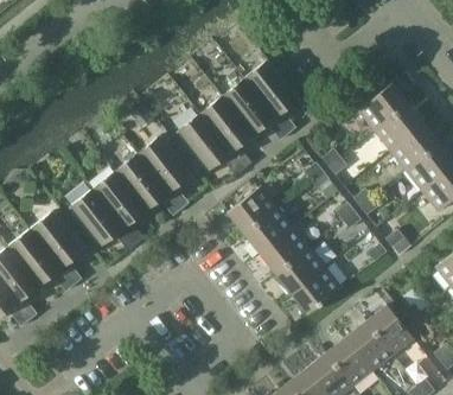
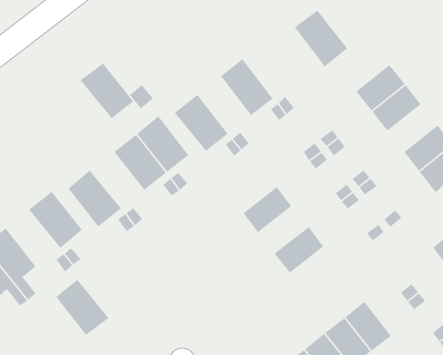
building: [244,59,299,117] -> [294,9,348,67]
building: [199,95,253,153] -> none
building: [389,123,440,171] -> none
building: [91,171,146,228] -> [80,62,134,119]
building: [228,184,279,232] -> none
building: [260,225,311,273] -> none
building: [7,229,62,286] -> [55,279,110,336]
building: [292,266,343,314] -> none
building: [366,305,414,356] -> none

